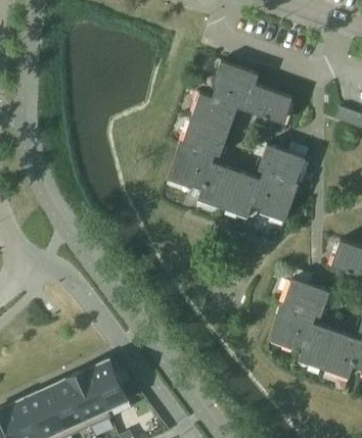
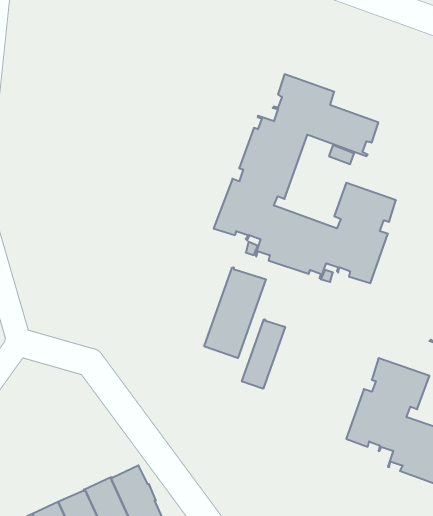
building: none -> [204,267,266,358]
building: none -> [242,319,285,389]

